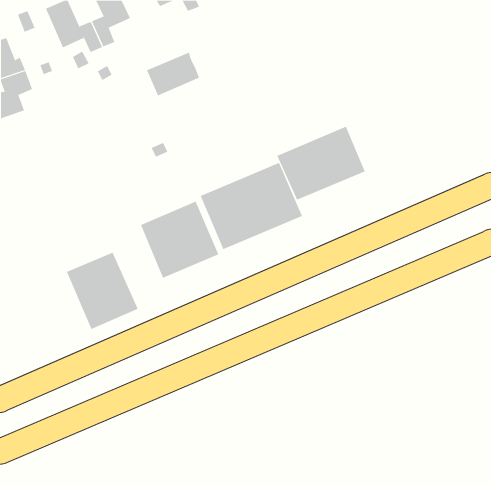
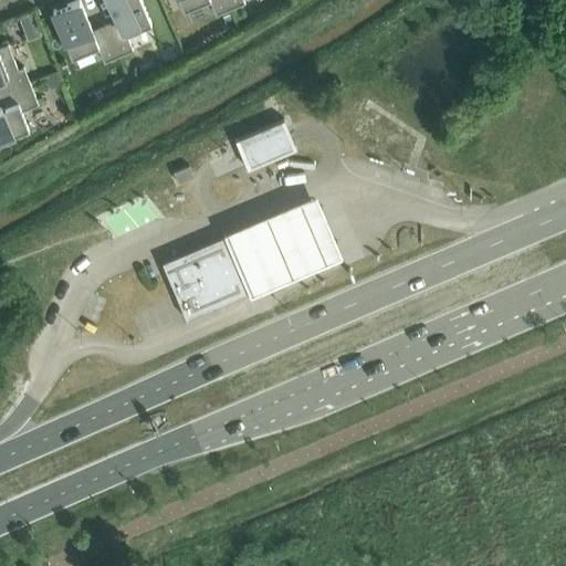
building: [146,52,200,96] -> [234,123,296,174]
building: [277,126,365,200] -> none
building: [66,252,138,330] -> none

